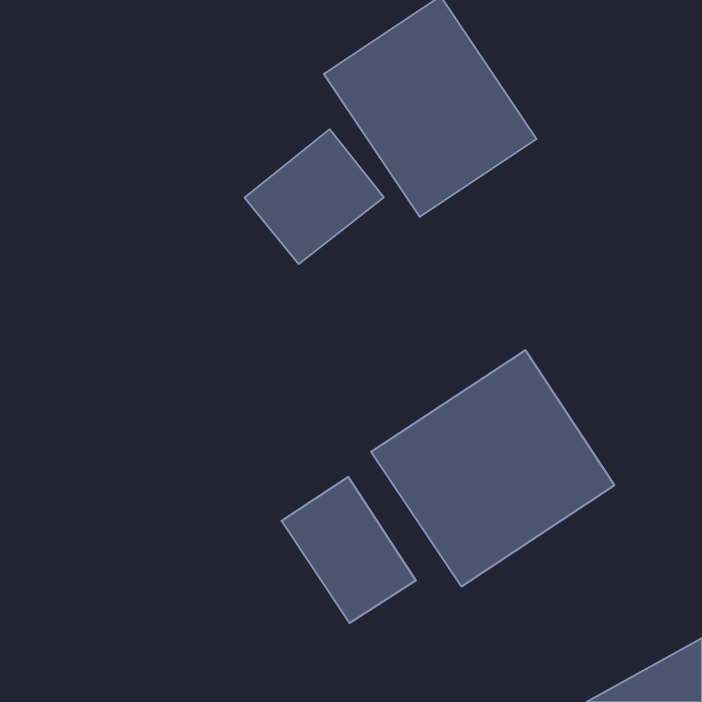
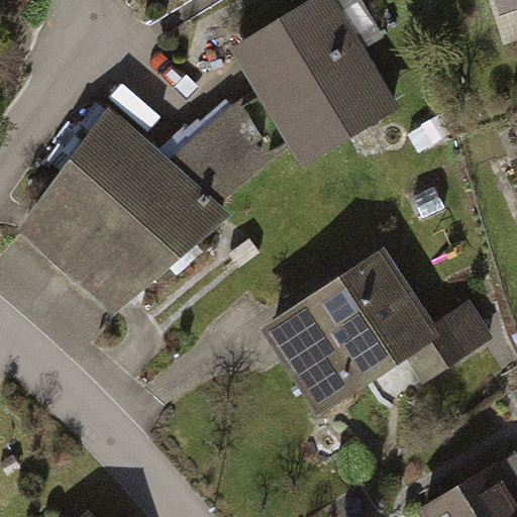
building: none -> [21,117,207,306]
building: [281,477,416,623] -> none

